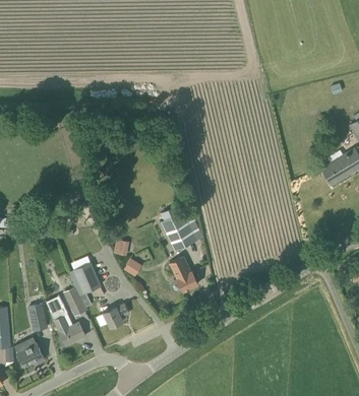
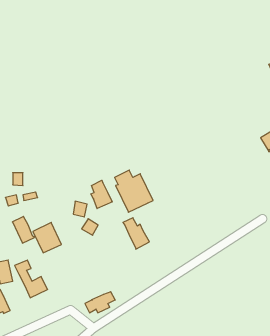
building: none -> [91,180,112,209]
building: [63,286,87,316] -> [12,216,34,243]
building: [96,304,129,327] -> [85,292,115,313]

